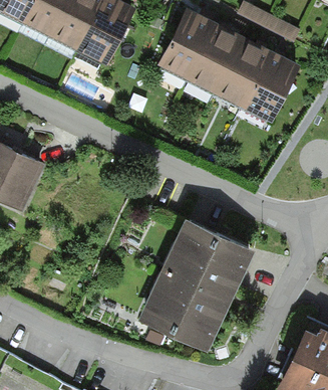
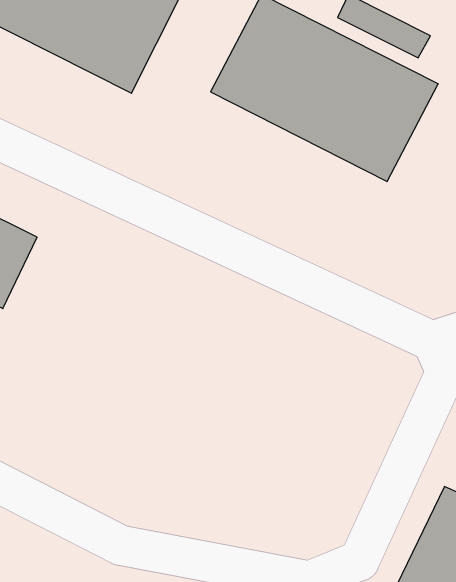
building: [138,214,255,350] -> none

